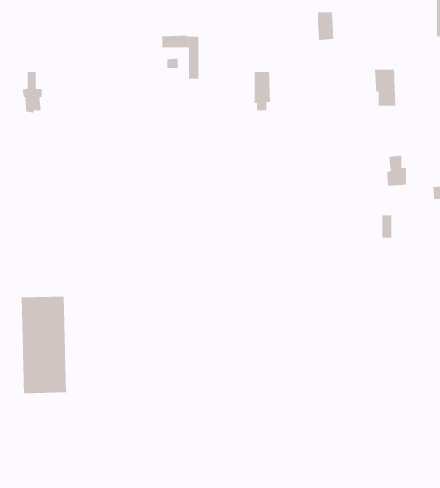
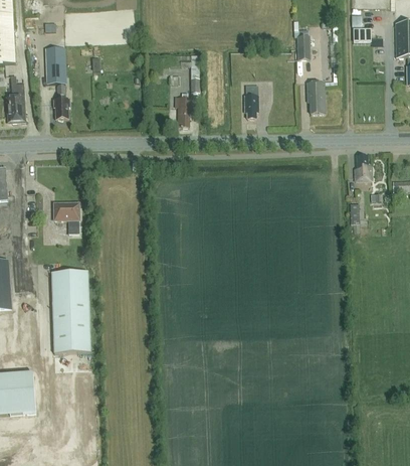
building: none -> [46,46,64,83]
building: [374,69,396,107] -> [308,82,326,113]
building: none -> [176,92,192,126]
building: none -> [54,202,80,232]

